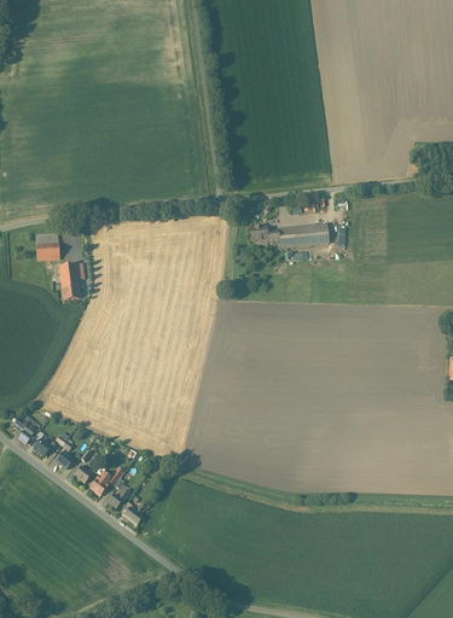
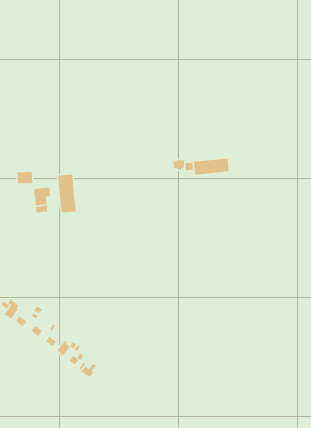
building: none -> [57,174,77,213]

